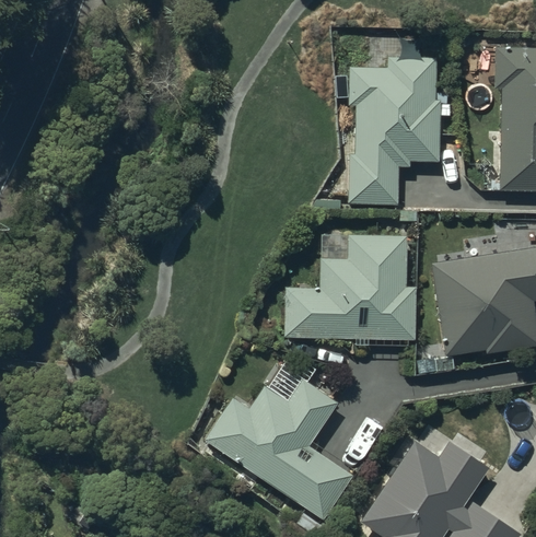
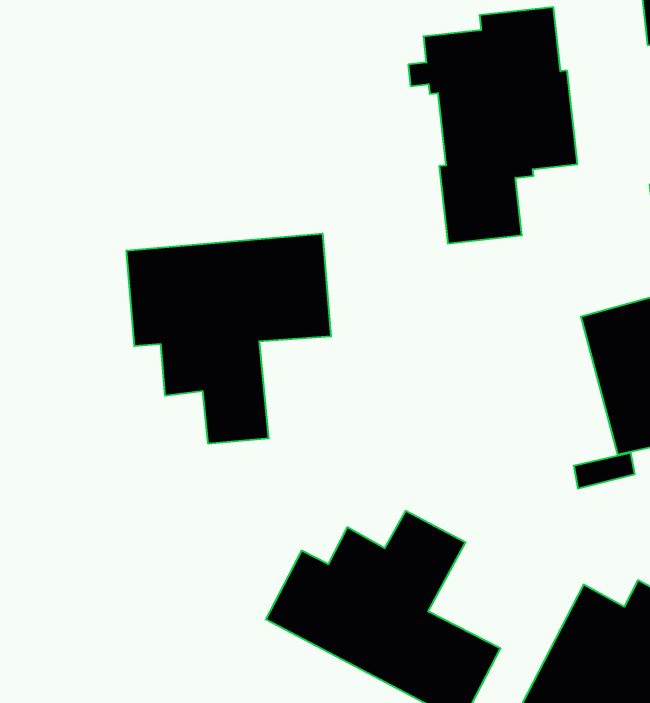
building: none -> [127,233,331,444]
building: [283,233,418,341] -> none

